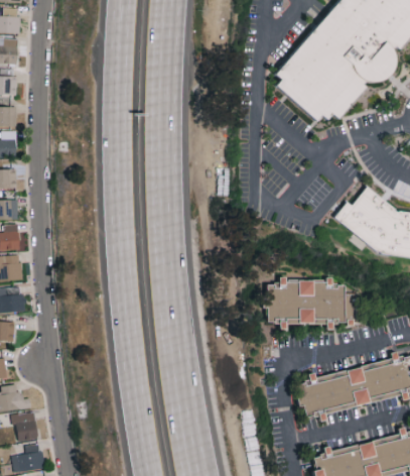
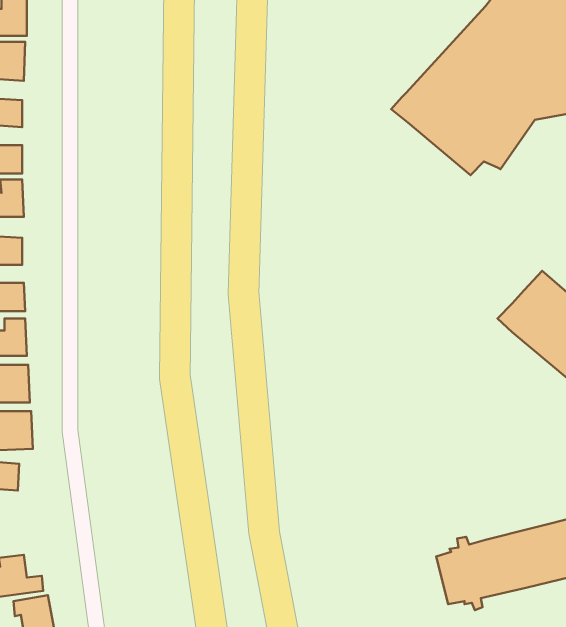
building: [265,277,356,329] -> none

